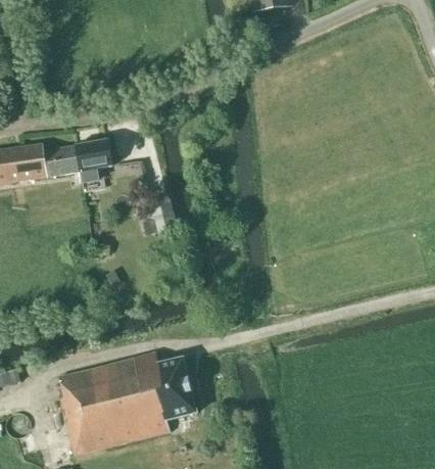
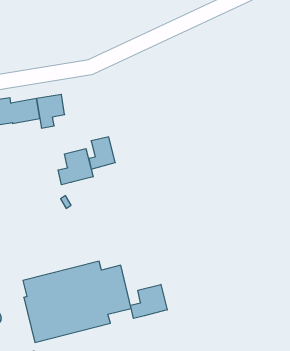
building: none -> [58,149,93,185]
building: none -> [130,284,167,318]

